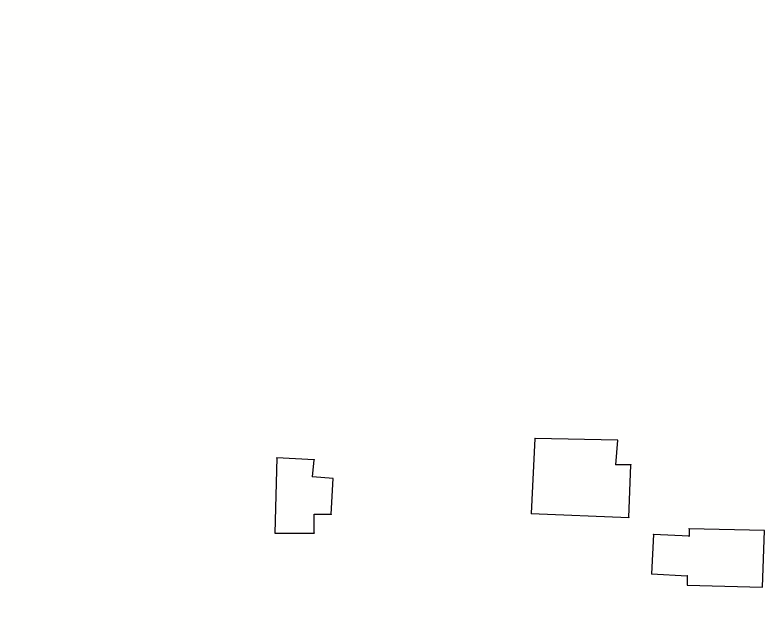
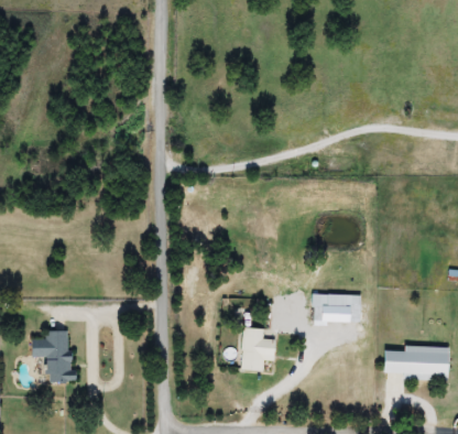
building: [275,458,333,533] -> [242,327,276,371]
building: none -> [30,330,76,381]

